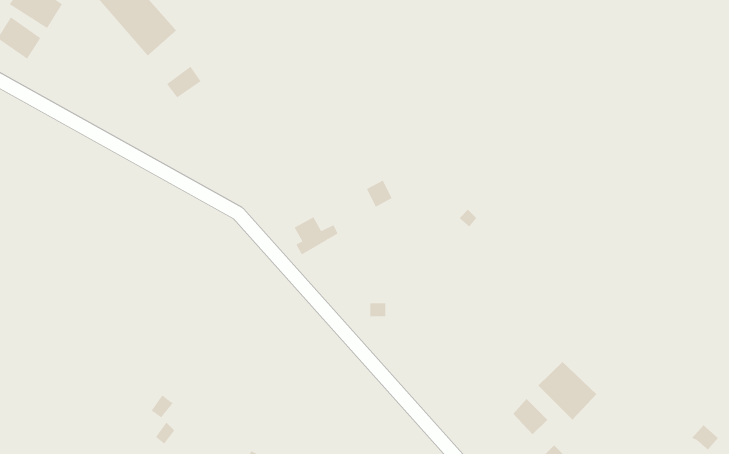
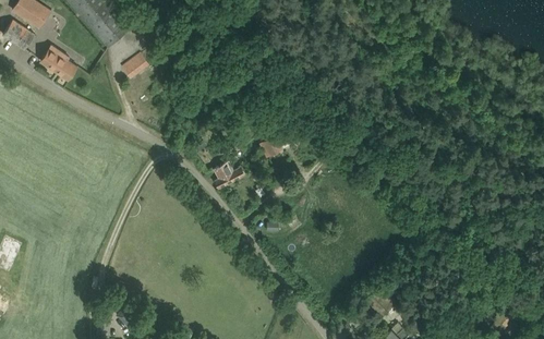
building: none -> [40,46,76,81]
building: [537,361,597,421] -> none

